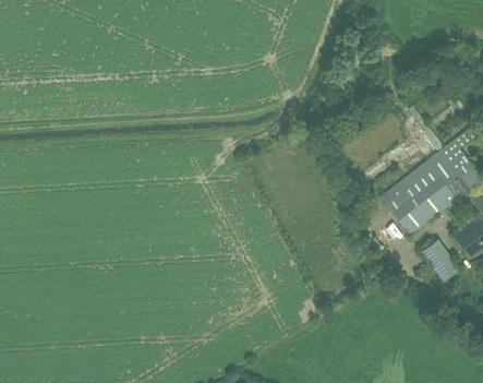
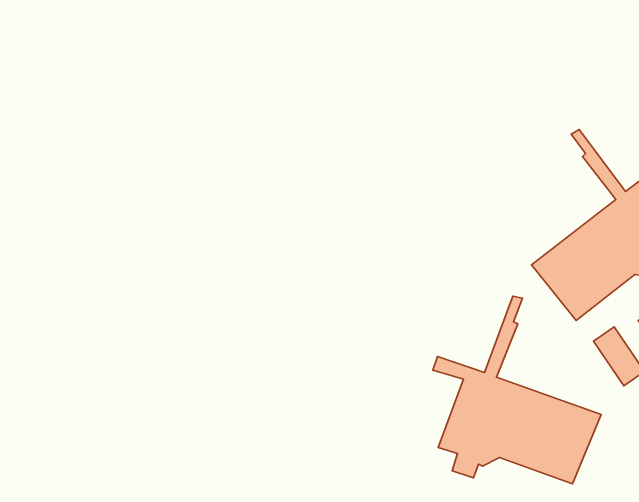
building: none -> [433,296,601,484]

